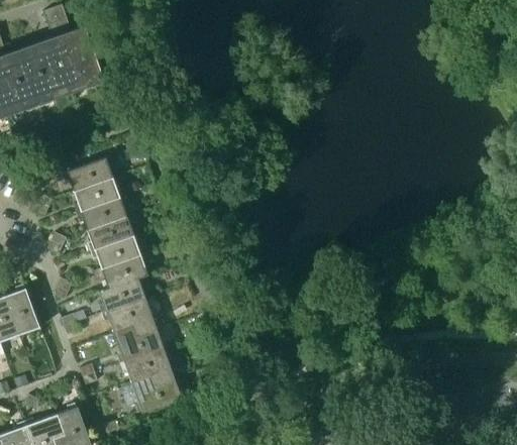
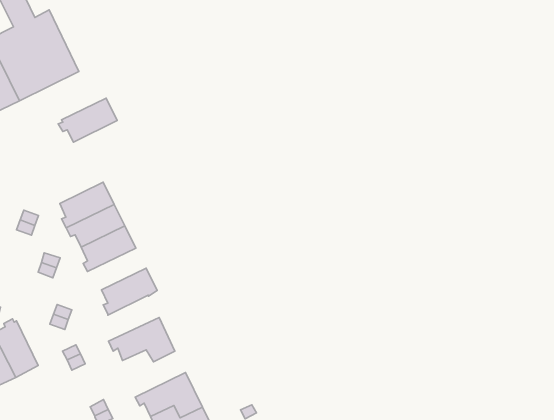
building: [63,157,113,192] -> [58,98,117,142]
building: [91,237,141,269] -> none
building: [98,279,147,314] -> none
building: [112,325,165,364] -> none

